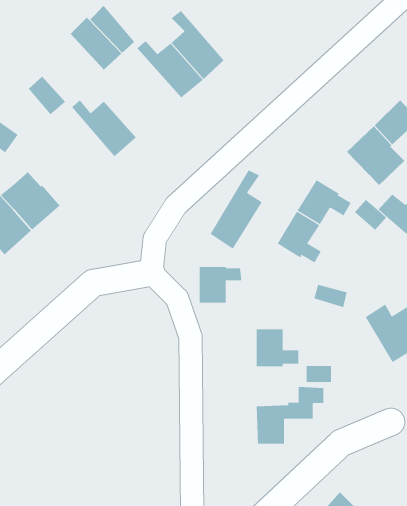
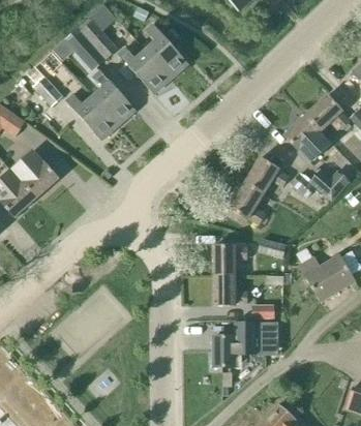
building: none -> [92,70,134,124]
building: [210,170,262,250] -> none
building: [199,266,242,303] -> [212,246,246,275]

